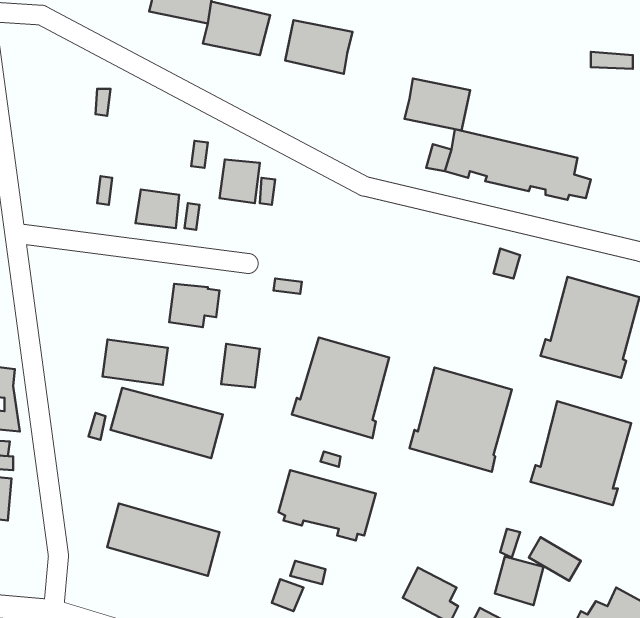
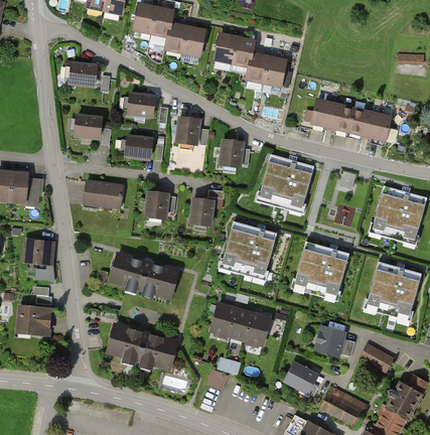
building: none -> [69,61,96,85]
building: [404,79,470,131] -> [247,53,286,85]
building: none -> [128,93,154,116]
building: none -> [75,114,101,137]
building: none -> [220,139,250,165]
building: none -> [255,155,313,215]
building: [102,339,168,385] -> [84,179,123,206]
building: [221,344,260,388] -> [190,197,213,224]
building: [495,557,544,605] -> [315,325,344,354]

